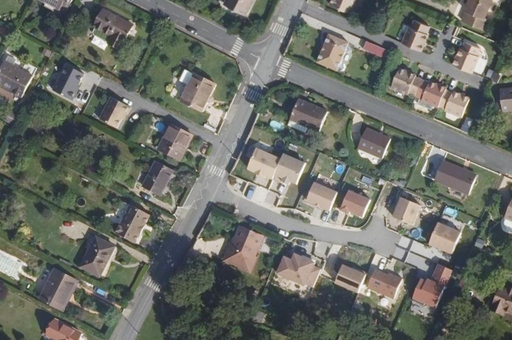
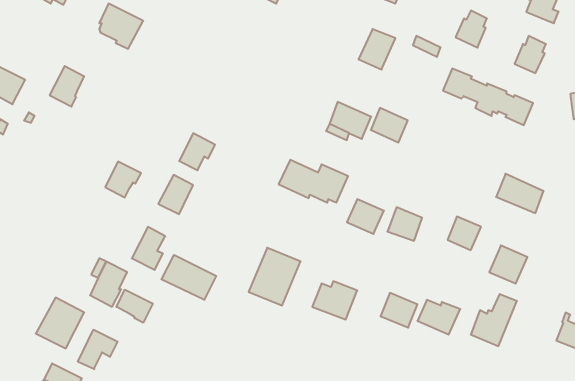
building: [182,72,216,108] -> none
building: [96,97,127,128] -> [105,162,141,197]
building: [360,126,392,156] -> [371,108,408,143]
building: none -> [161,255,216,300]
building: none -> [116,290,153,323]
building: none -> [78,330,118,369]

